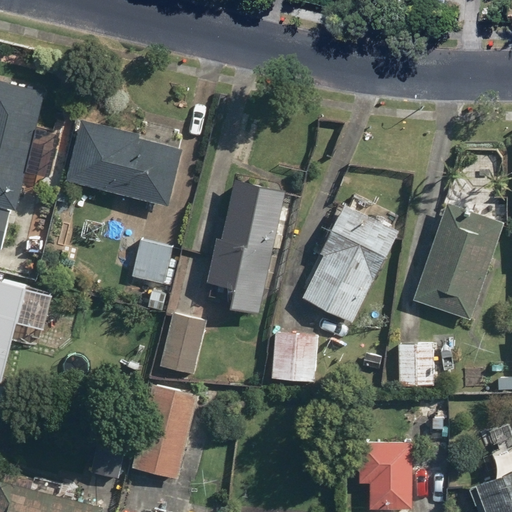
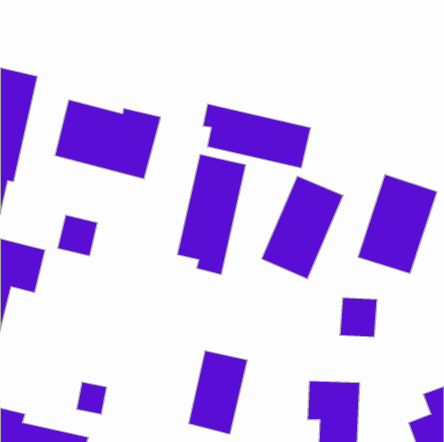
building: none -> [203,104,310,168]
building: [129,239,175,286] -> [58,215,98,256]
building: [158,313,207,378] -> none
building: [270,333,315,385] -> none
building: [129,384,197,480] -> [188,351,248,434]

